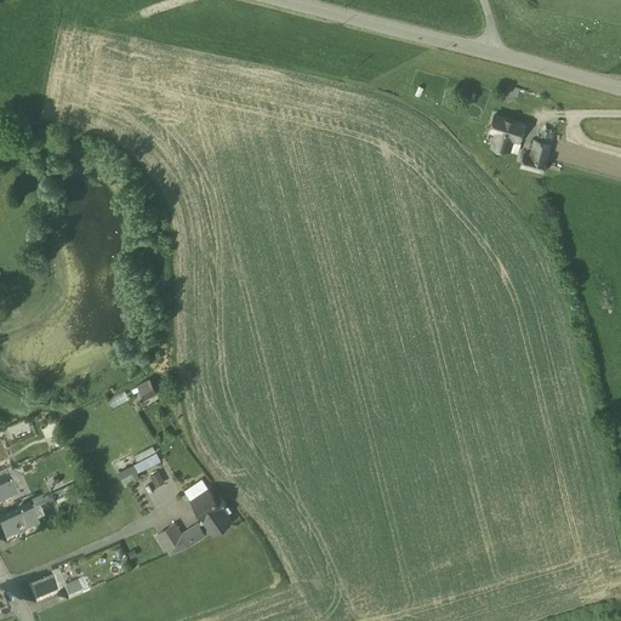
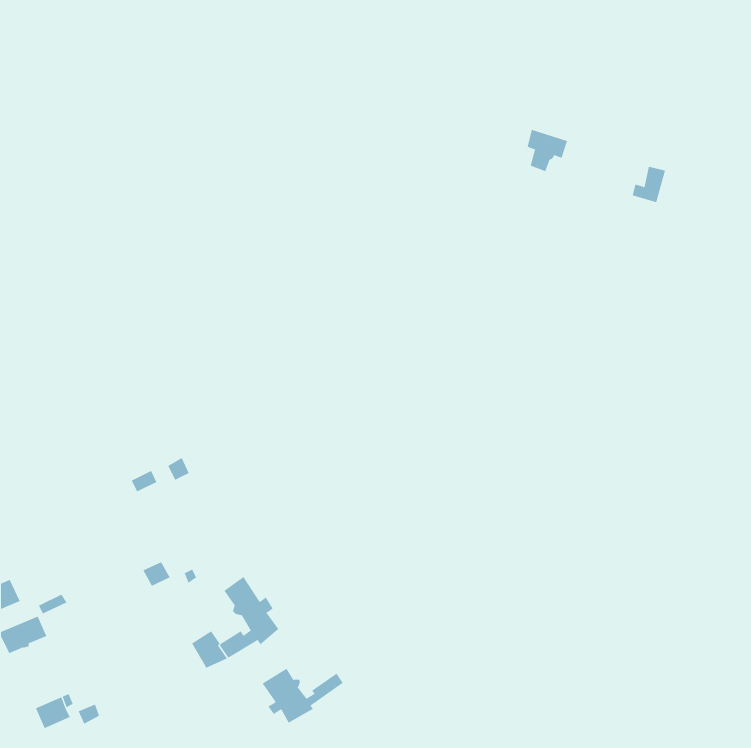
building: [490,113,524,148] -> [527,129,568,172]
building: none -> [262,668,343,723]

